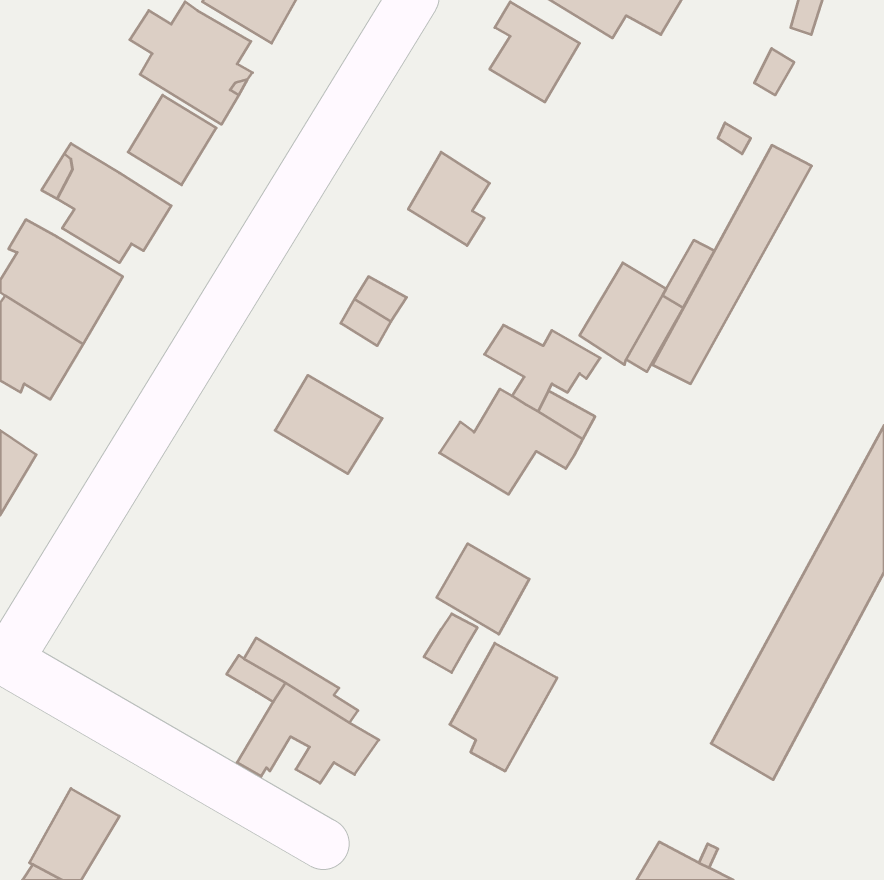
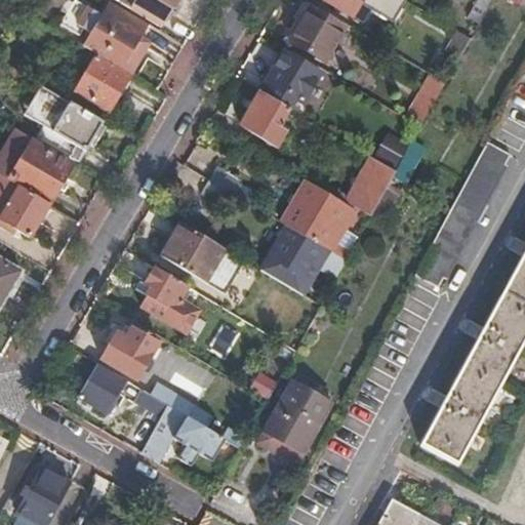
building: none -> [268,51,320,103]
building: [652,145,812,384] -> [416,146,511,287]
building: none -> [140,267,200,332]
building: [437,544,529,634] -> none
building: none -> [102,326,159,379]
building: none -> [80,363,128,413]

